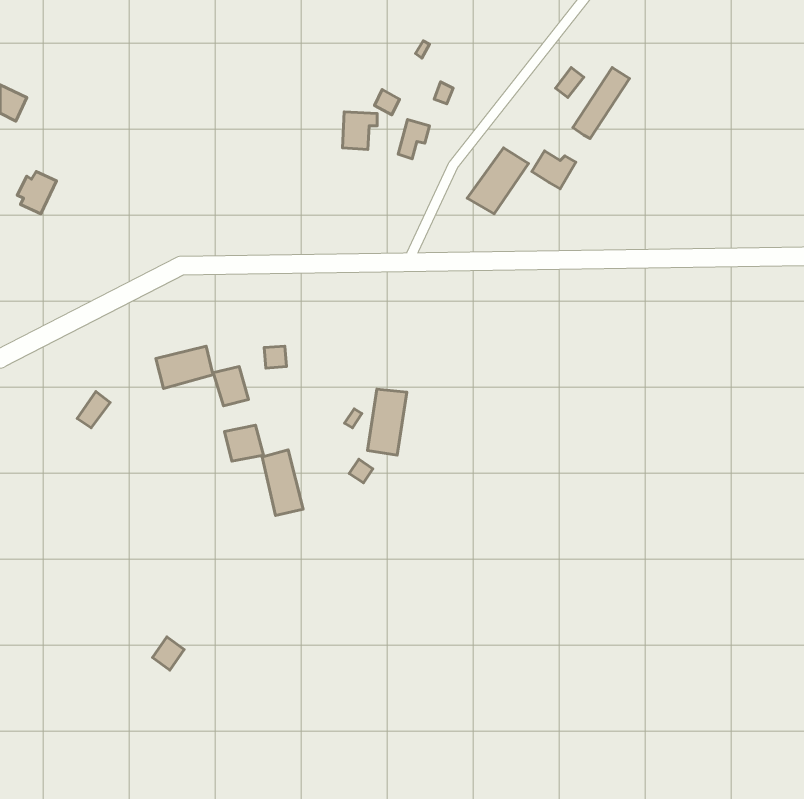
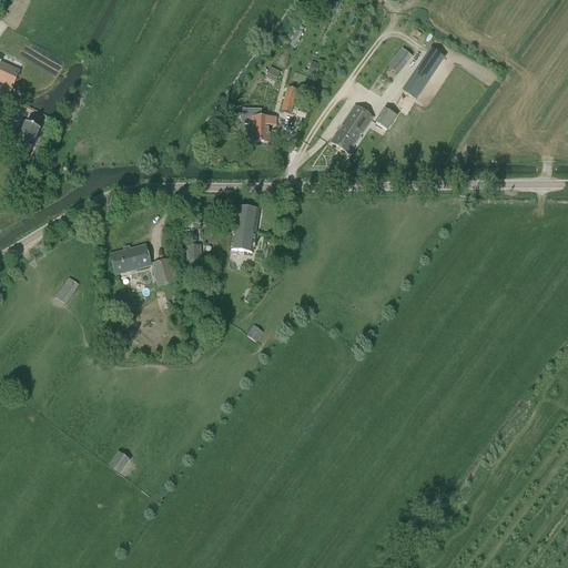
building: [343,112,377,150] -> [251,114,275,141]
building: [367,389,407,455] -> [231,205,258,252]
building: [225,425,303,516] -> none

